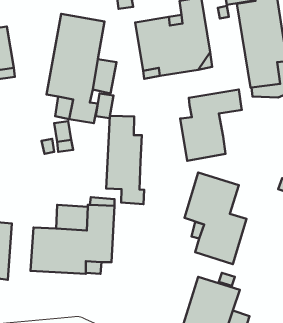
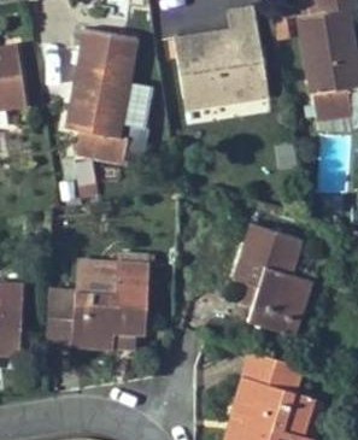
building: [180,90,242,161] -> none
building: [106,116,144,204] -> none

